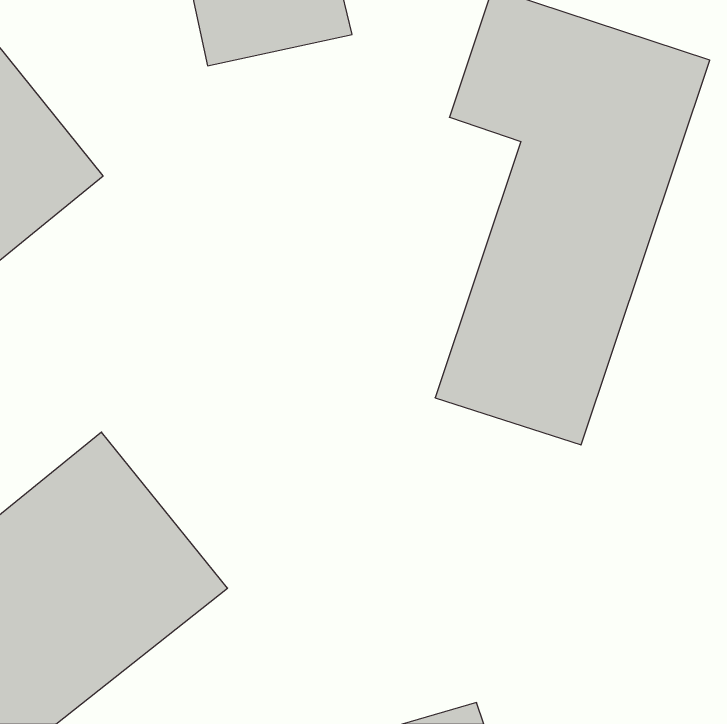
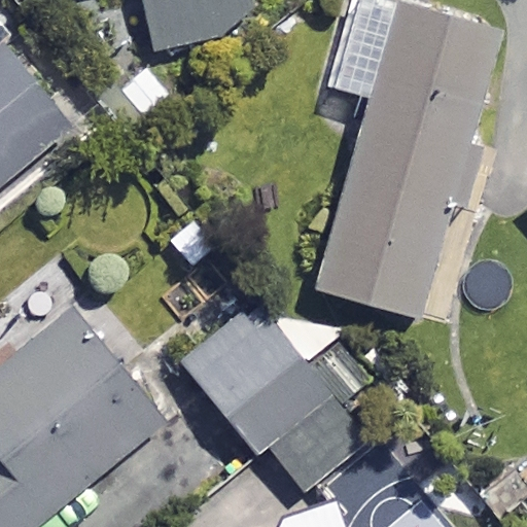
building: none -> [178,307,366,497]

